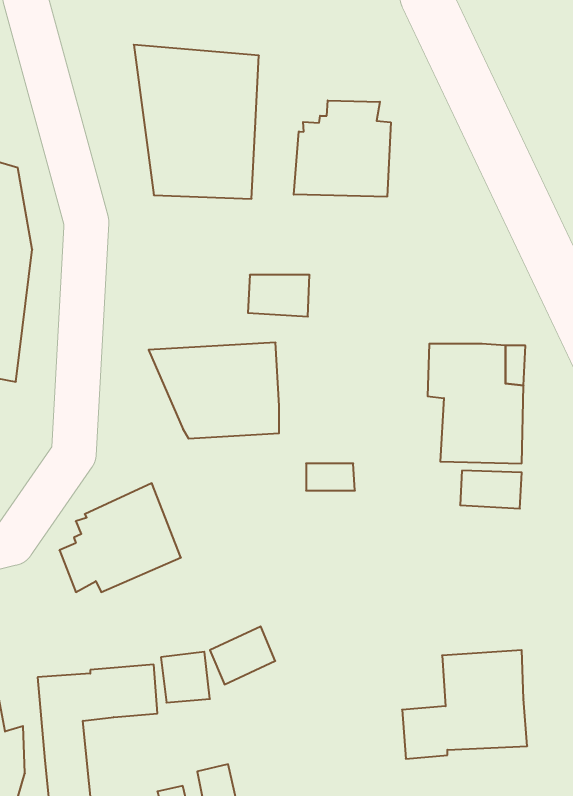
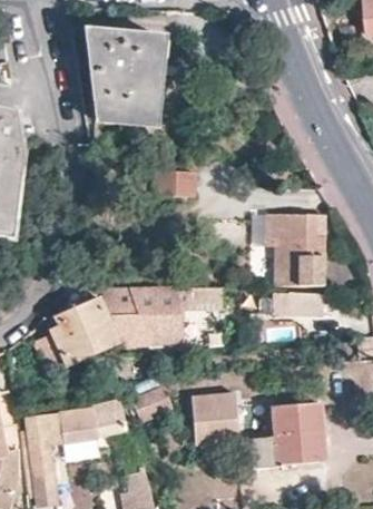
building: [294,100,391,197] -> none
building: [149,343,279,439] -> [98,286,178,345]
building: none -> [197,393,245,443]

